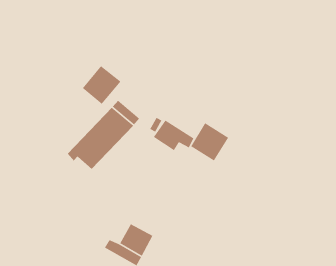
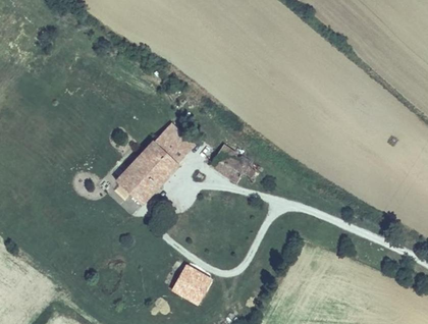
building: [82,65,121,105] -> none
building: [190,122,229,161] -> none

